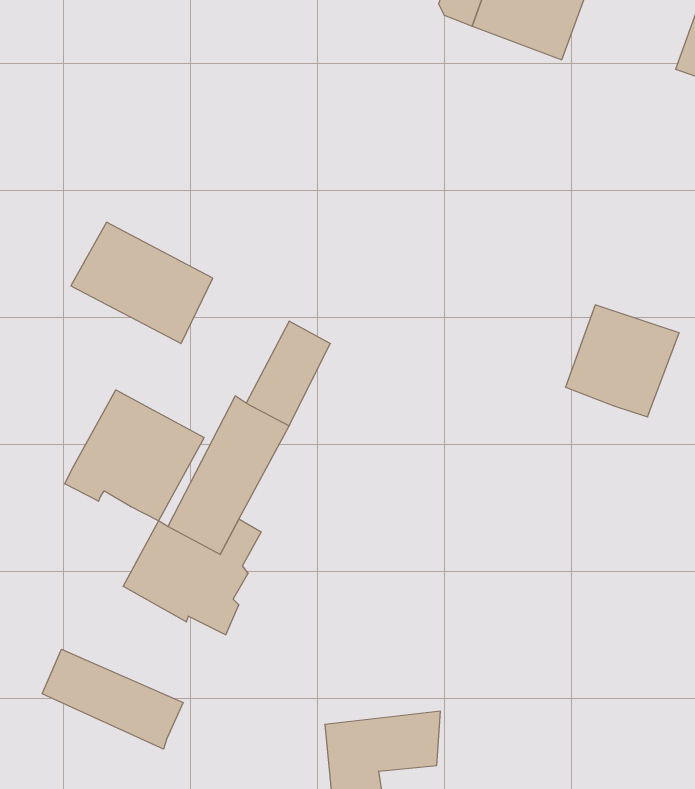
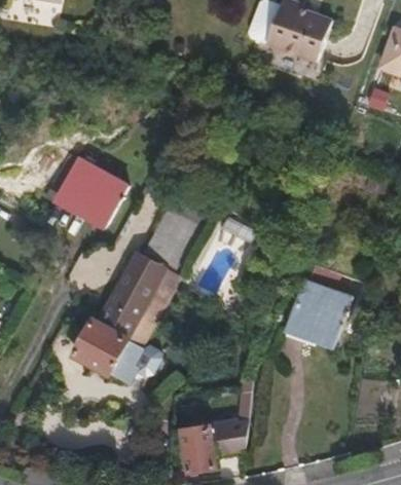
building: [565,305,679,417] -> [287,282,350,343]
building: [65,390,204,521] -> none
building: [42,649,183,749] -> none

